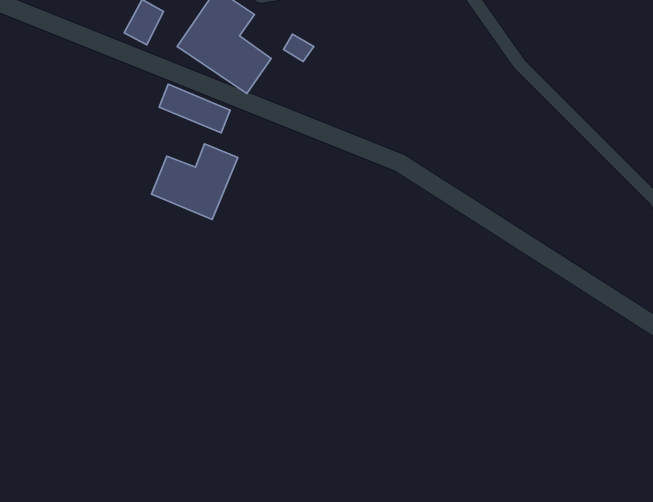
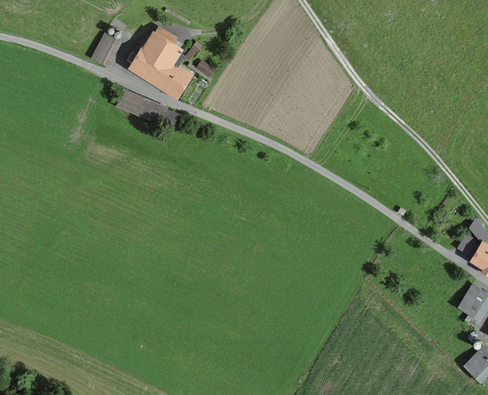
building: [152,144,238,220] -> none

